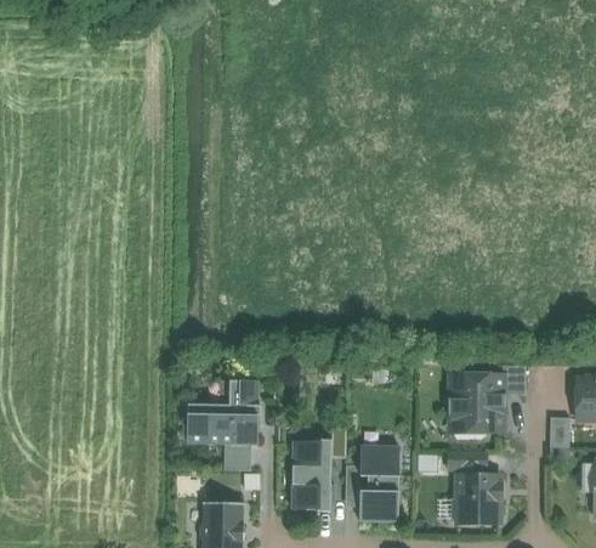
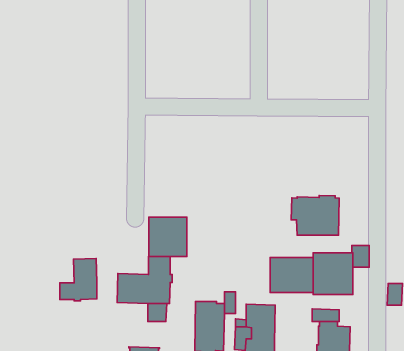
building: none -> [291,195,339,235]
building: none -> [149,217,187,256]
building: none -> [270,258,313,292]
building: none -> [60,258,97,301]

